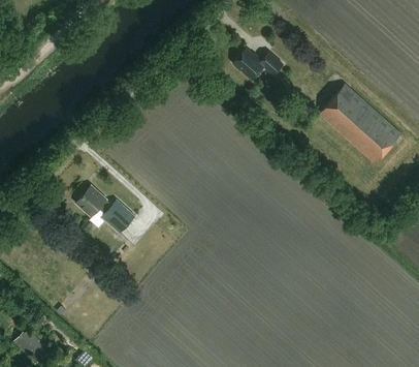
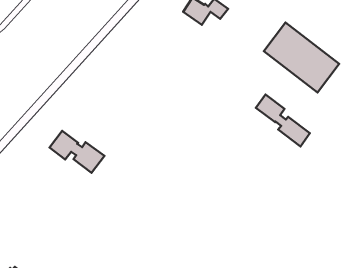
building: none -> [256,95,310,146]

